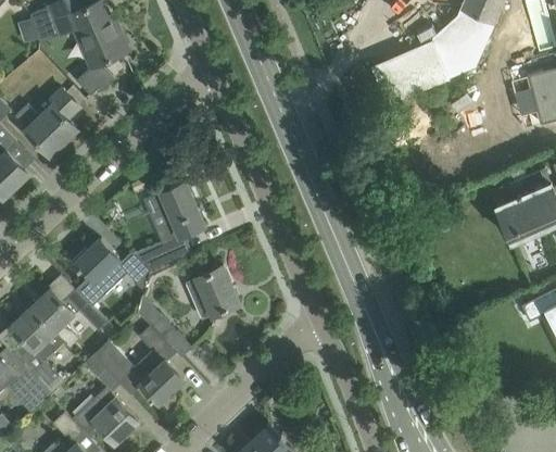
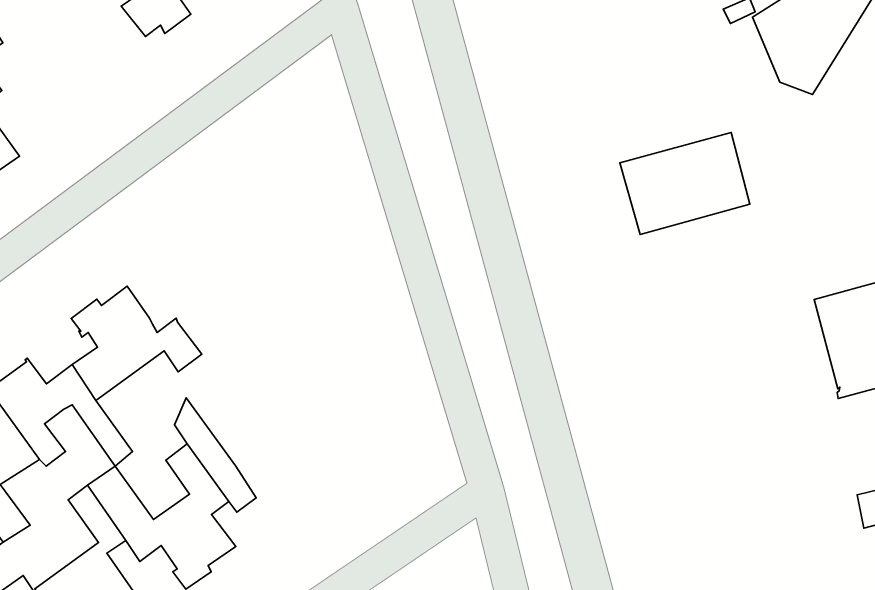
building: [371,40,448,105] -> [620,133,750,234]
building: [16,89,79,154] -> none
building: [143,181,204,237] -> none
building: [132,241,173,272] -> none
building: [187,266,238,318] -> none

